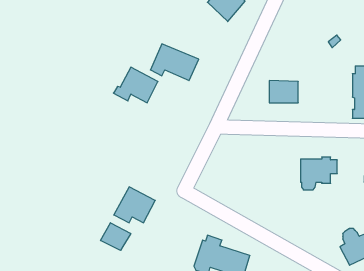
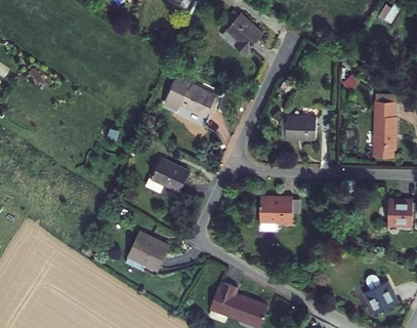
building: [113,67,158,103] -> [144,160,192,198]
building: [301,157,337,190] -> [260,198,299,233]
building: [101,223,131,250] -> none

